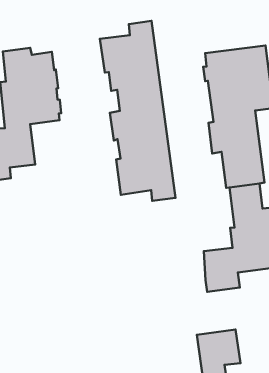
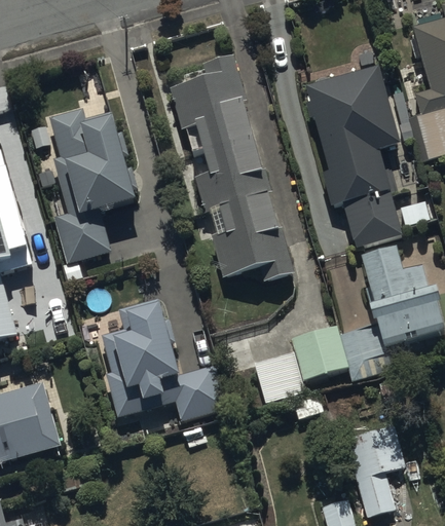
building: none -> [98,300,222,419]
building: none -> [253,325,345,404]

